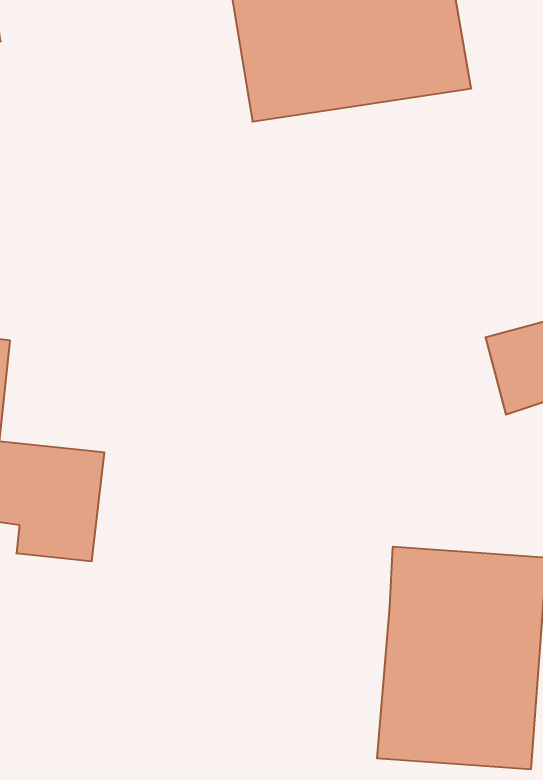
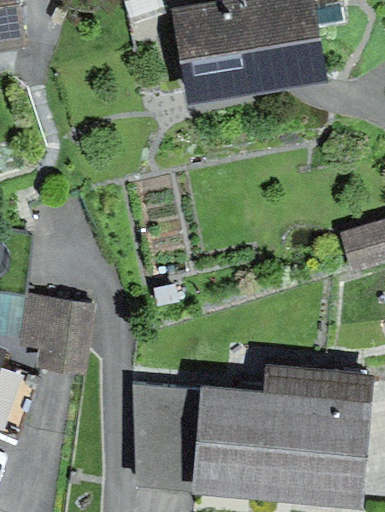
building: none -> [133,389,273,494]

